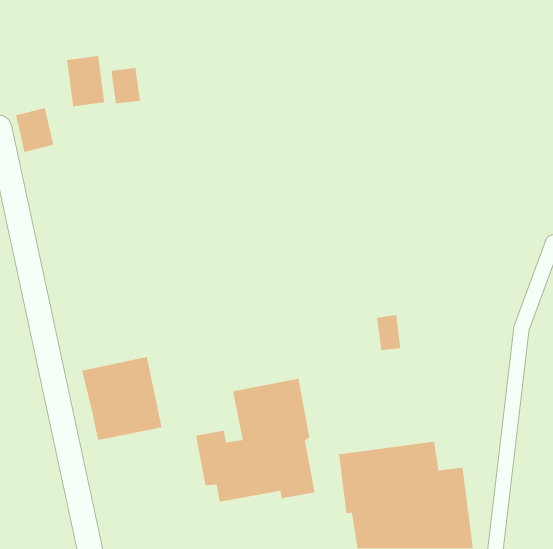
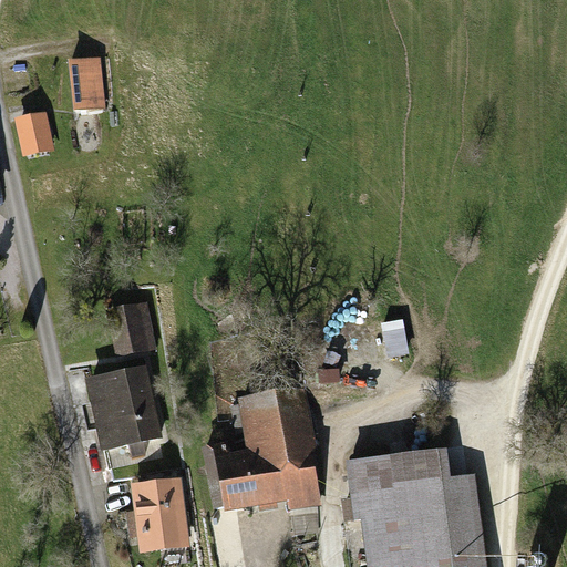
building: [110,67,141,104] -> none
building: none -> [106,301,156,358]
building: none -> [130,477,189,551]

